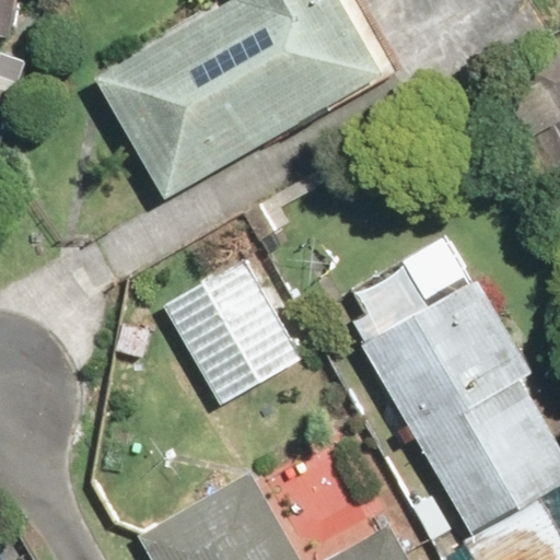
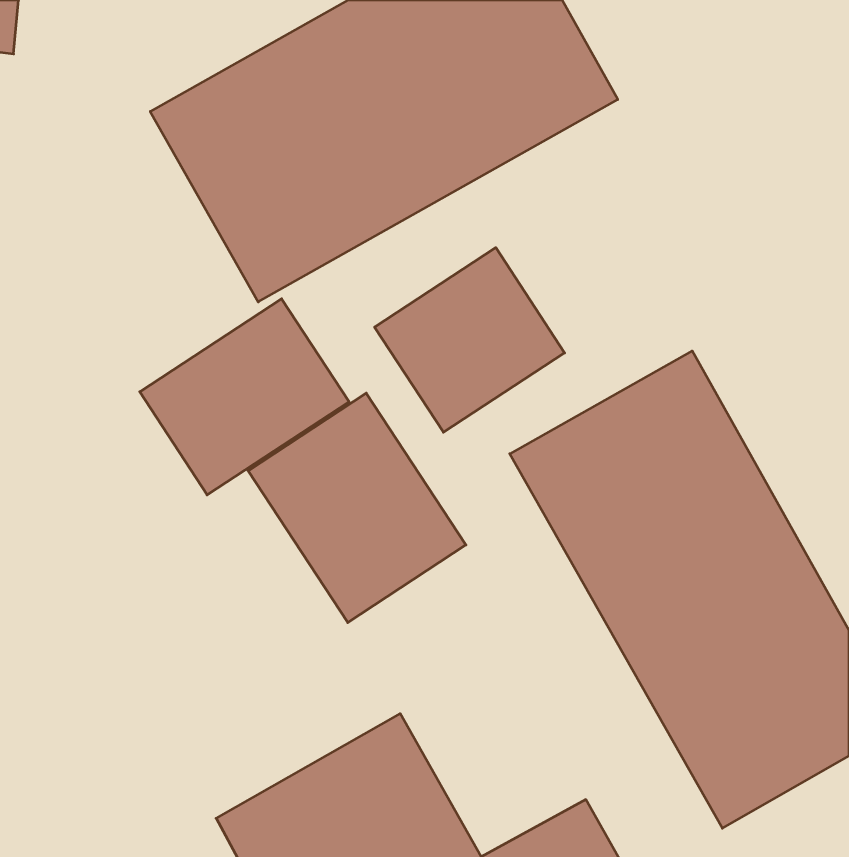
building: none -> [375,248,565,432]
building: none -> [140,299,349,495]

